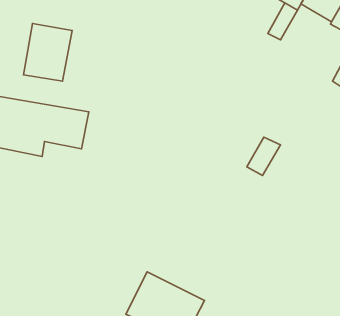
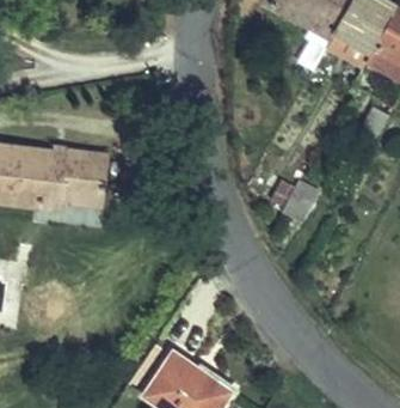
building: [24,24,72,81] -> none

